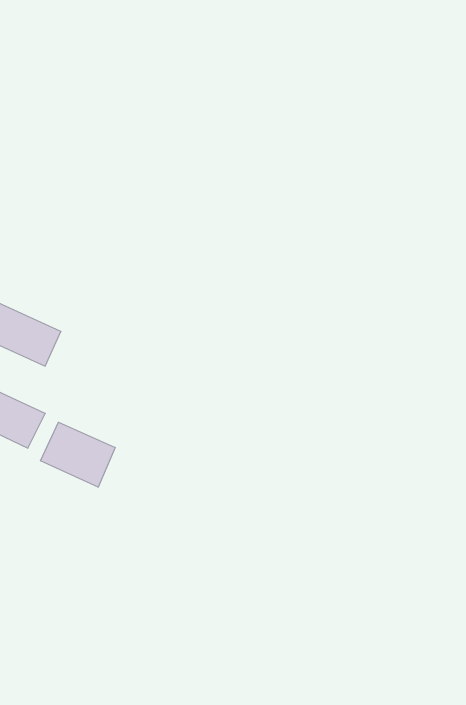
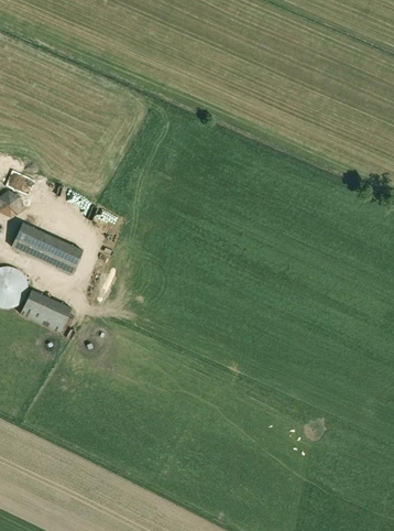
building: [41,422,115,487] -> none

